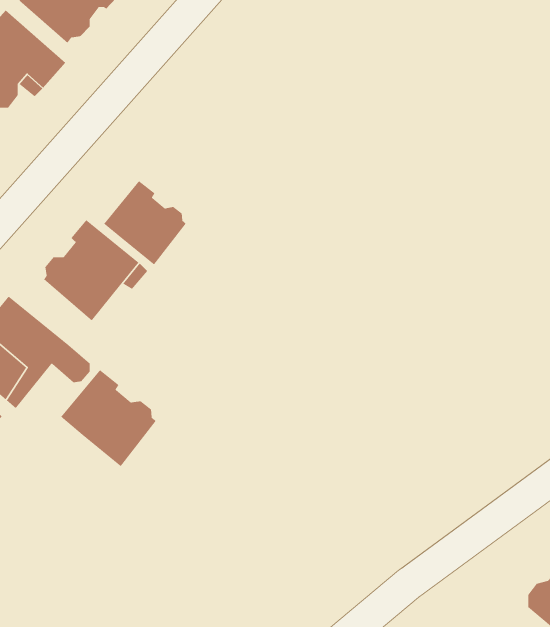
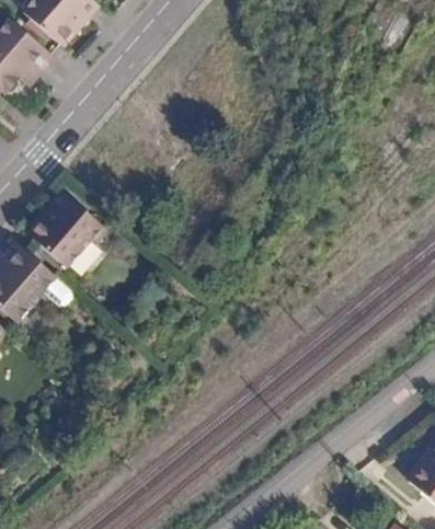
building: [103,180,186,266] -> none
building: [60,369,156,467] -> none

